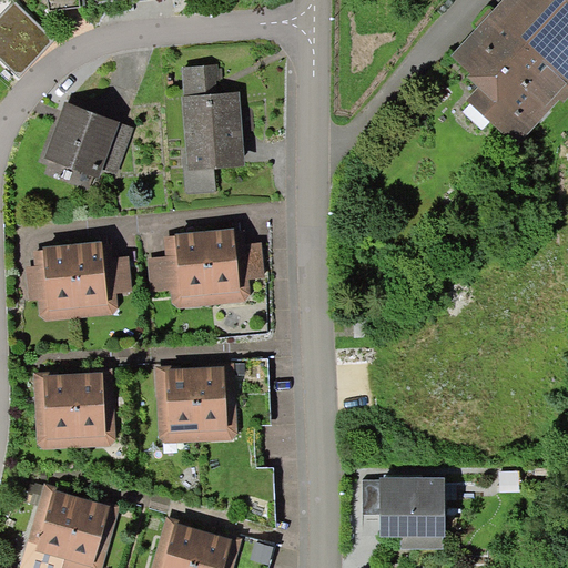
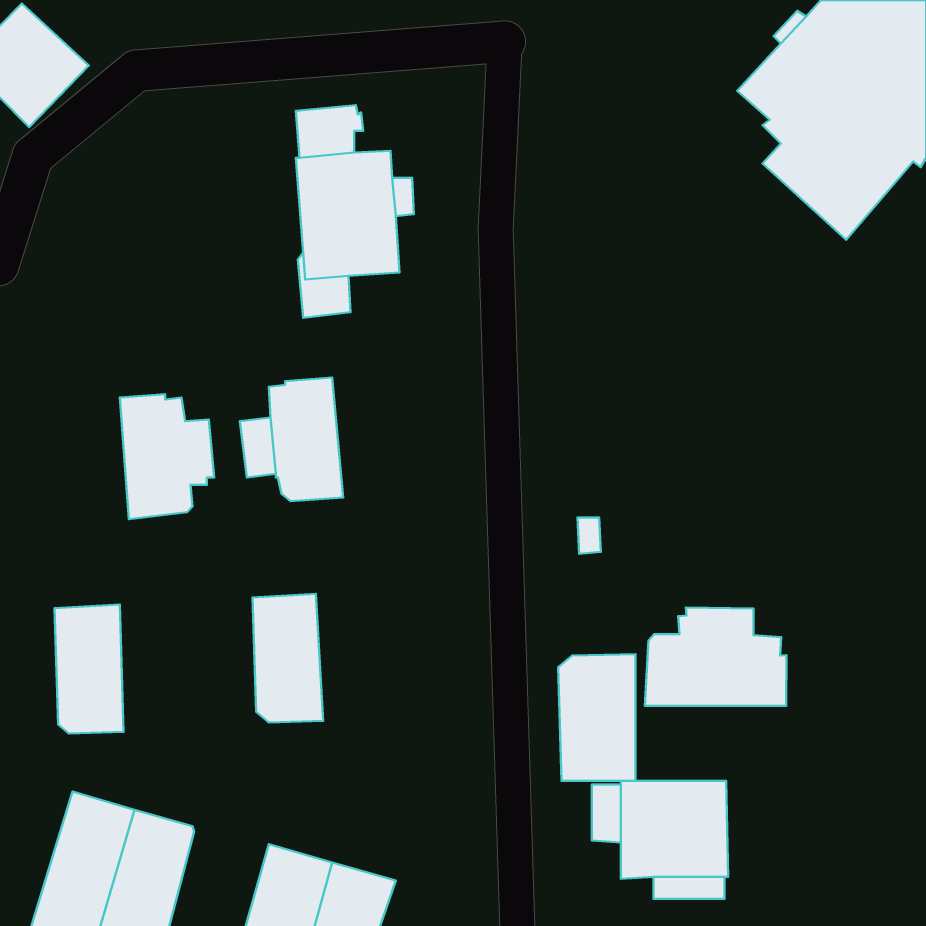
building: [43,102,133,180] -> none
building: [203,229,265,305] -> none
building: [24,244,79,322] -> none
building: [193,362,235,442] -> none
building: [73,369,115,448] -> none
building: none -> [645,607,787,706]
building: none -> [558,654,635,781]

